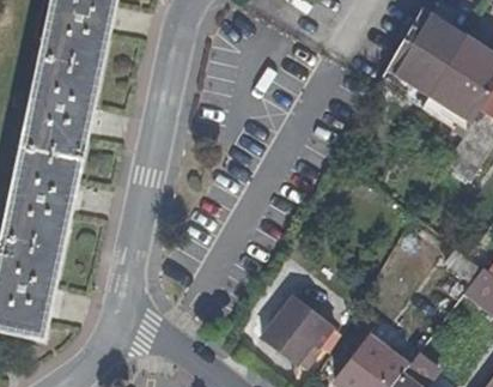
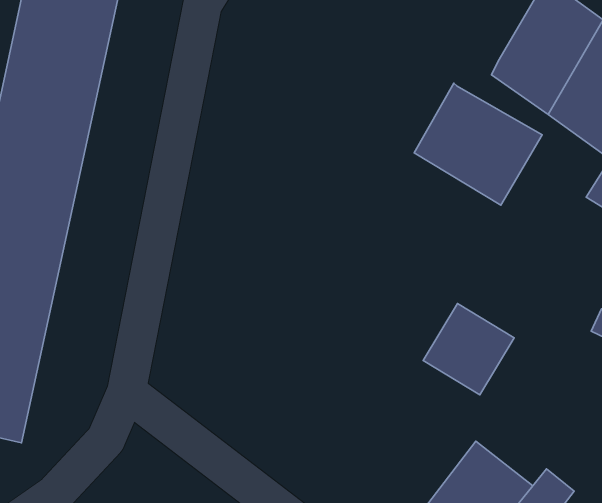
building: none -> [414,83,542,205]
building: [256,291,319,355] -> [423,304,514,395]

